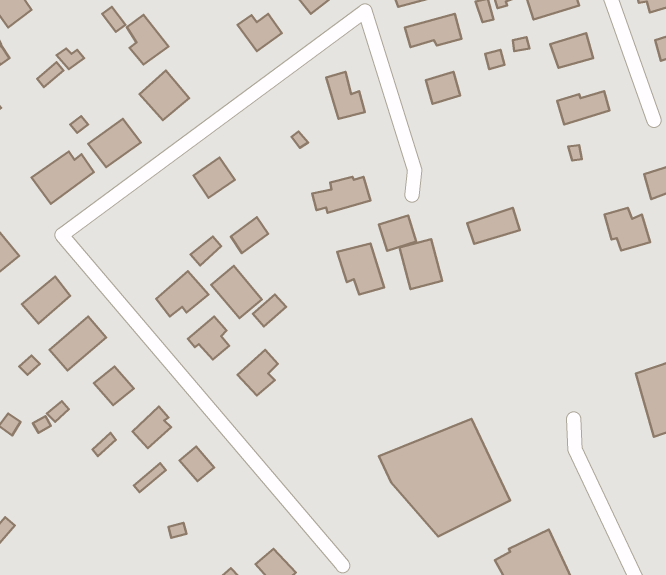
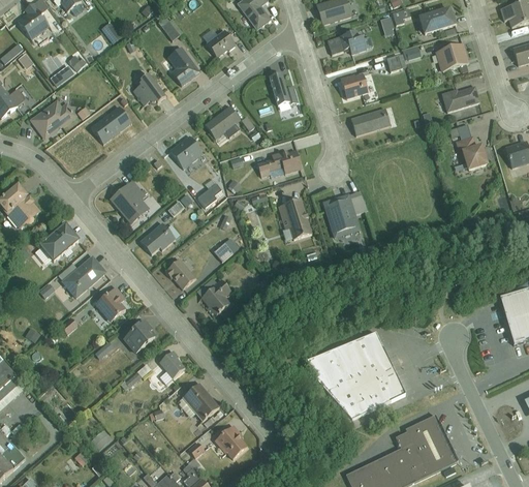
building: [127,15,168,65] -> [168,47,199,84]
building: none -> [205,105,240,138]
building: [32,151,94,204] -> [30,98,76,138]
building: [604,208,650,251] -> [455,136,489,169]
building: [467,208,520,244] -> [351,108,391,134]
building: [379,215,416,251] -> none
building: none -> [112,183,150,221]
building: [211,266,262,318] -> none
building: none -> [183,383,219,419]

